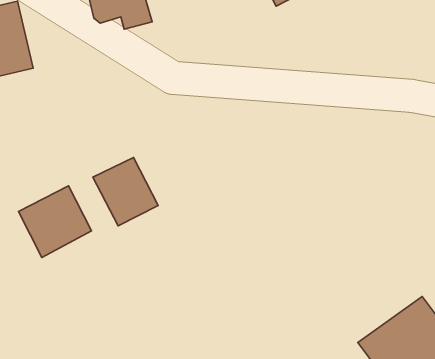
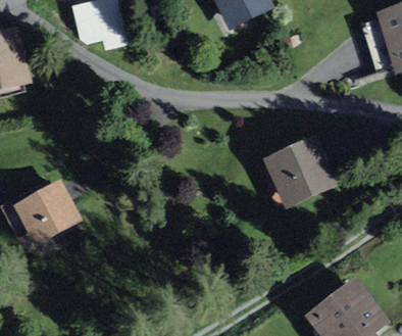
building: none -> [265,137,335,202]
building: [93,158,158,226] -> none

